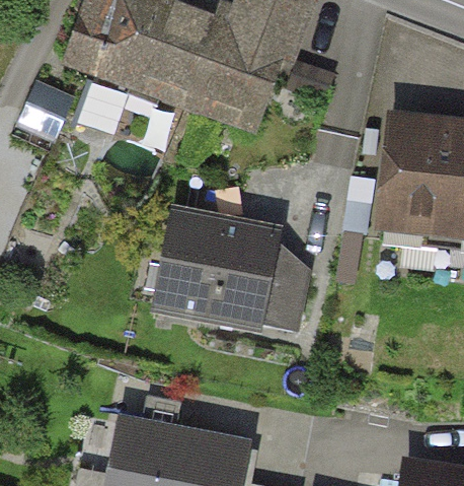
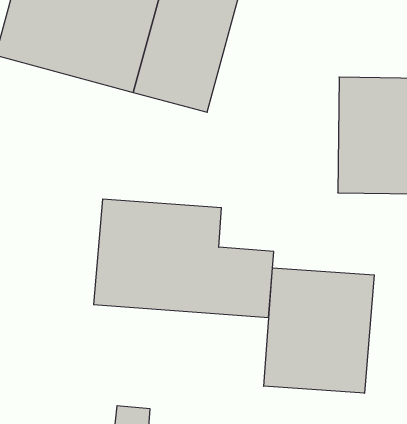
building: none -> [264,268,374,393]

